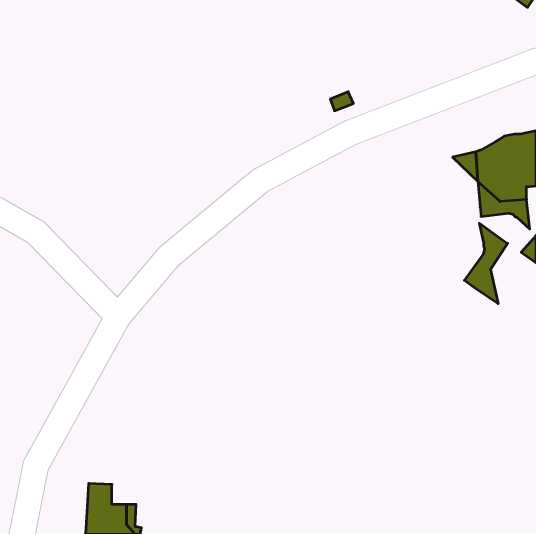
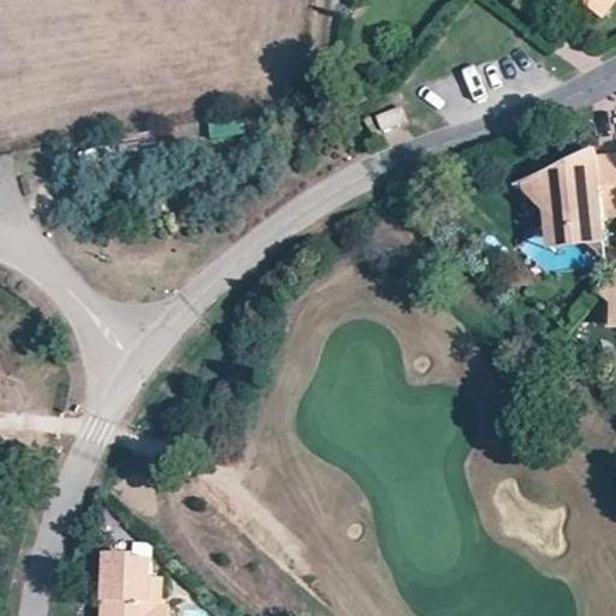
building: [464,223,508,304] -> none

